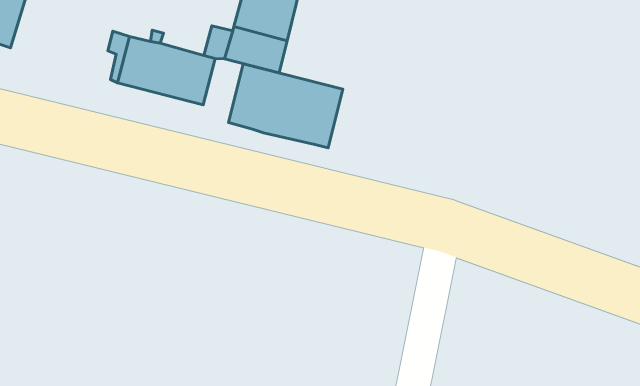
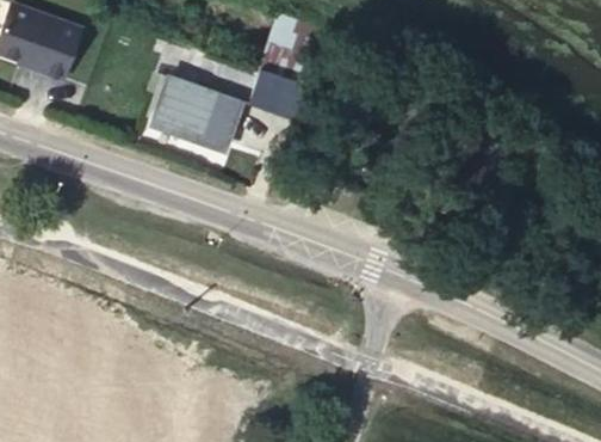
building: [228,64,343,148] -> none

